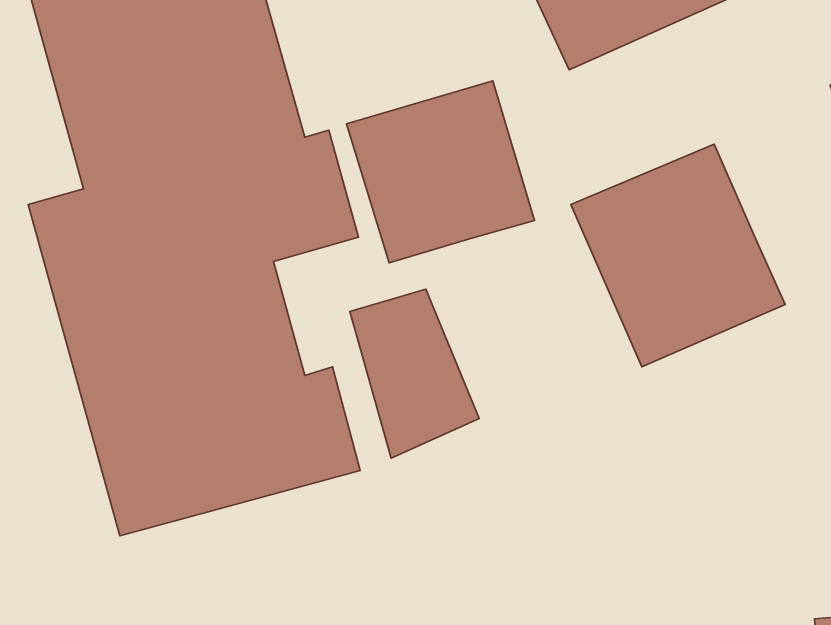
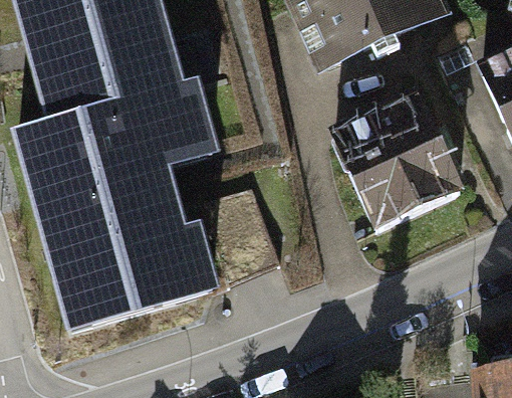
building: [347,81,534,263] -> none

